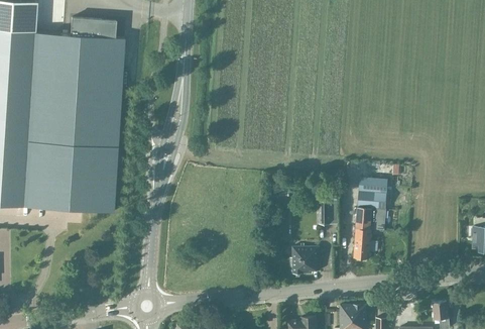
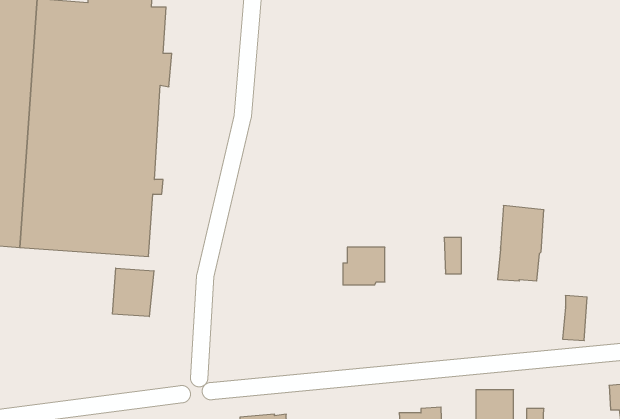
building: none -> [113,268,154,317]
building: [354,229,371,260] -> [563,296,587,341]
building: [290,247,320,273] -> [343,247,385,285]

